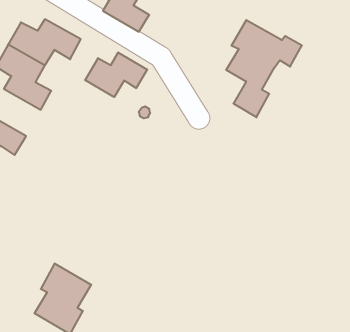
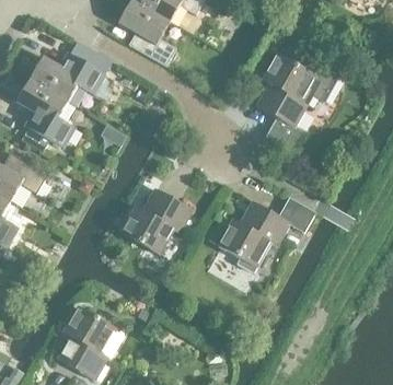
building: [85,52,147,97] -> none
building: none -> [119,188,192,254]
building: none -> [217,197,314,272]

